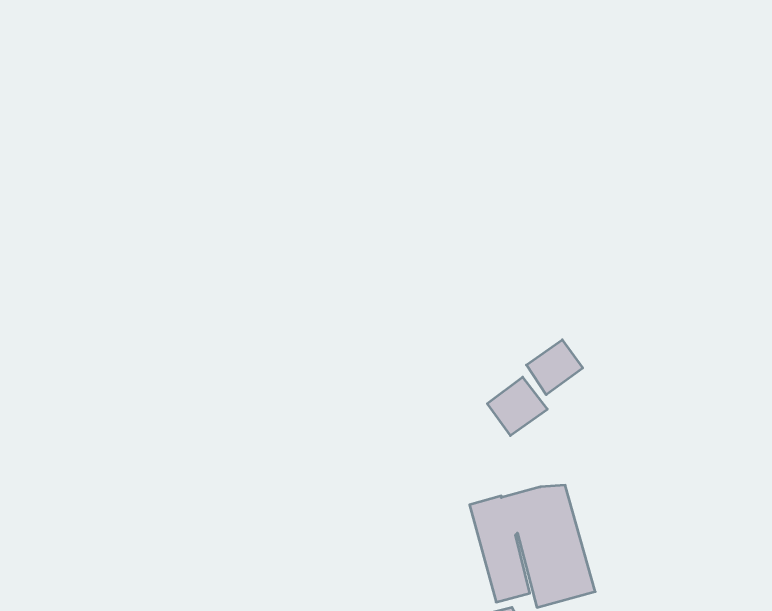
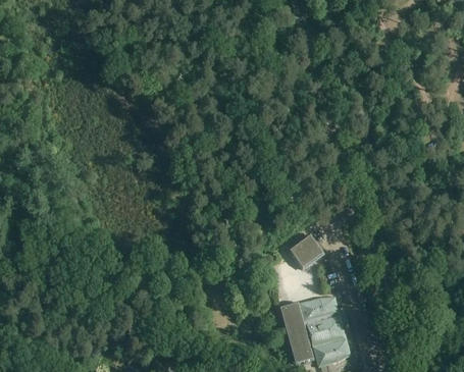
building: [526,340,583,395] -> none

